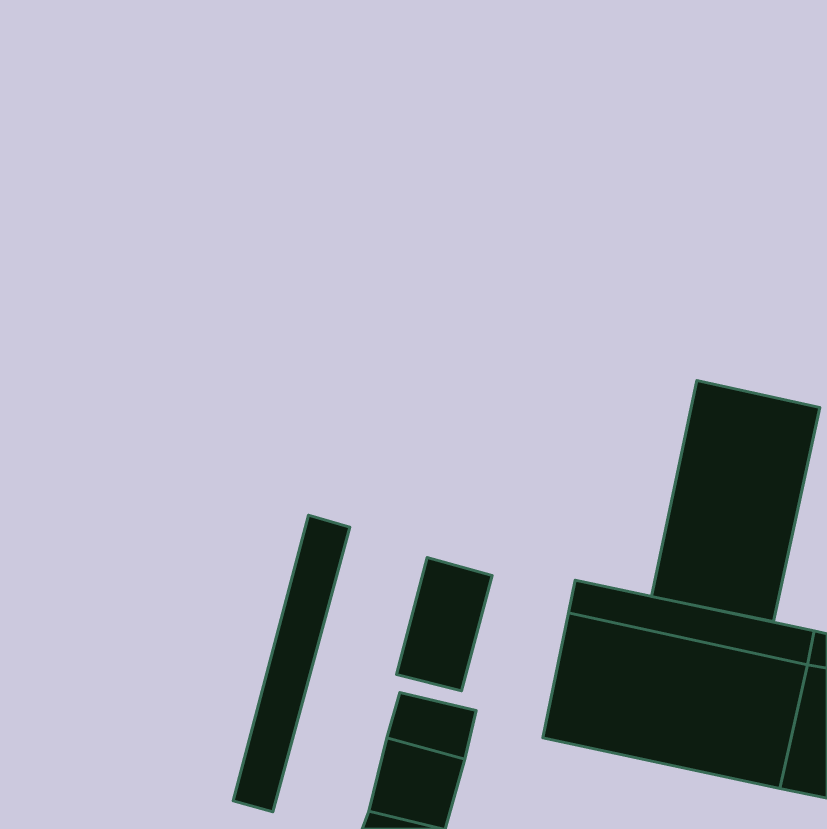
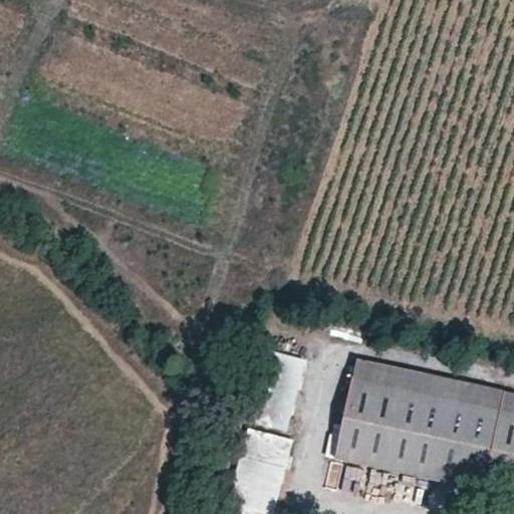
building: [651,381,820,621] -> none
building: [233,515,350,812] -> none

